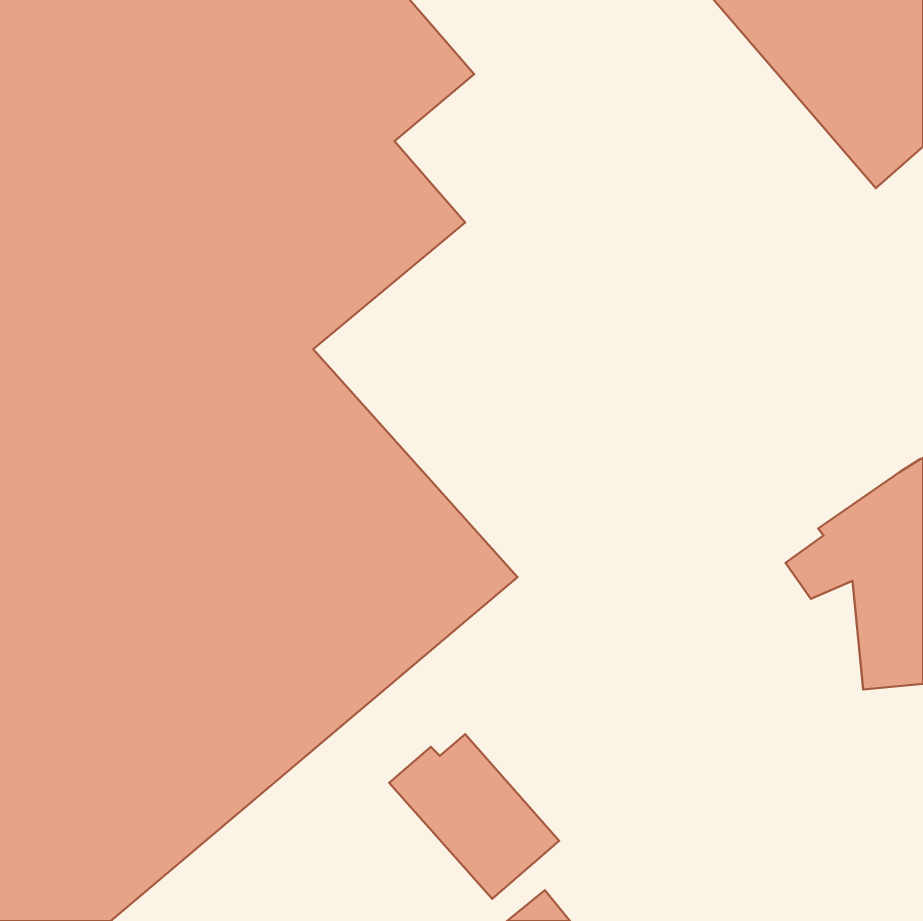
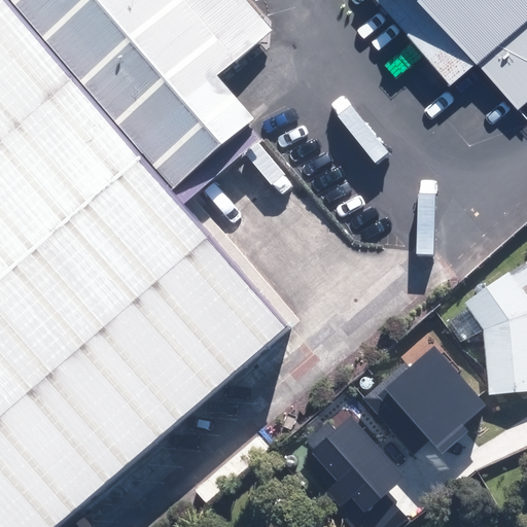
building: none -> [362,345,485,452]
building: [389,734,559,899] -> [305,414,401,507]

